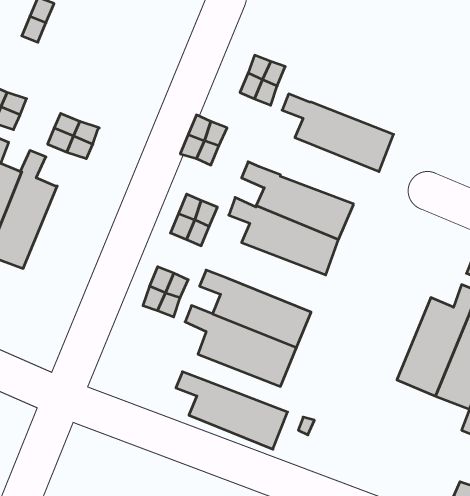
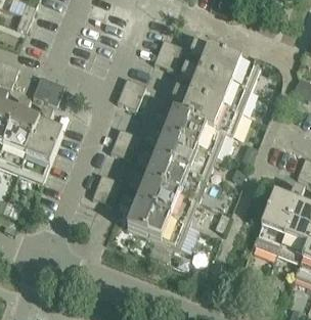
building: none -> [189,38,260,87]
building: none -> [171,84,241,135]
building: none -> [16,106,62,182]
building: [176,372,288,449] -> [137,150,208,199]

